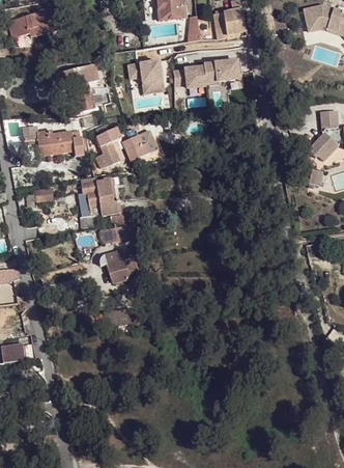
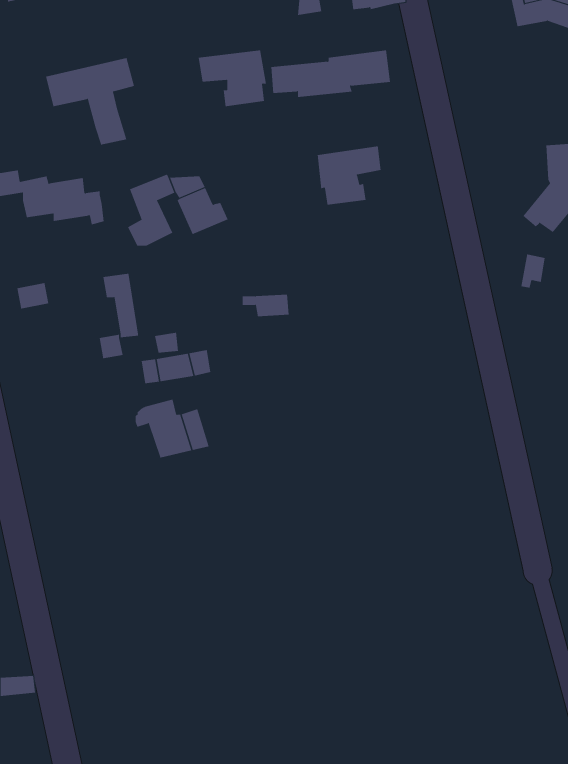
building: none -> [317,145,381,205]
building: [96,175,118,214] -> none

